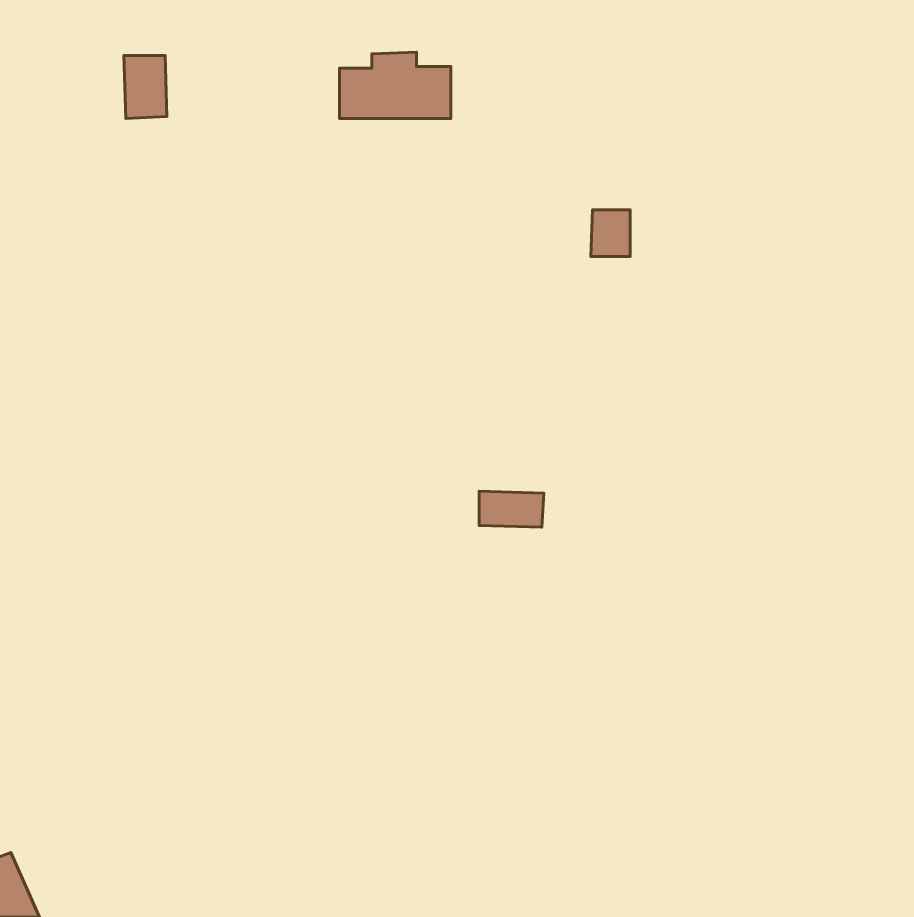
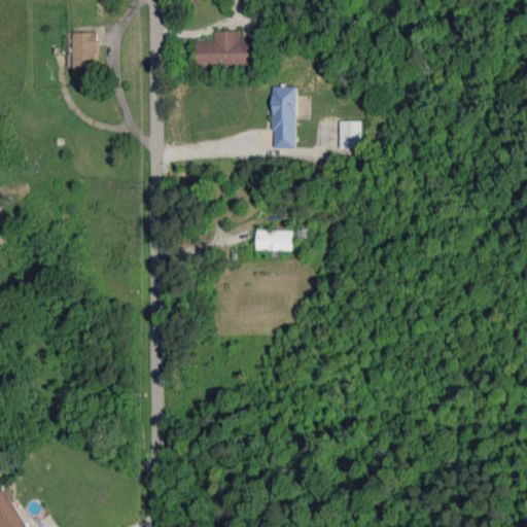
building: none -> [271,86,295,147]
building: [479,491,544,527] -> [255,230,292,250]

